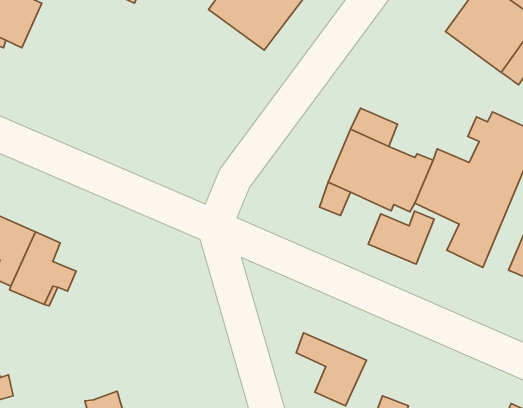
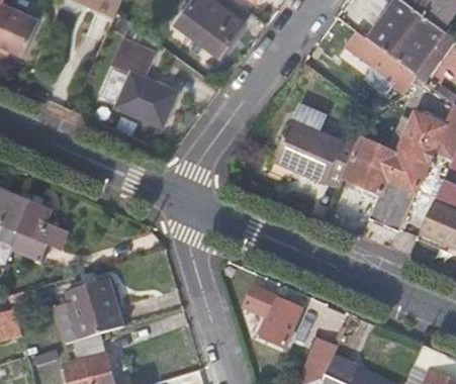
building: none -> [343,29,417,95]
building: none -> [110,35,179,125]
building: [368,211,434,264] -> none
building: none -> [66,279,124,341]

